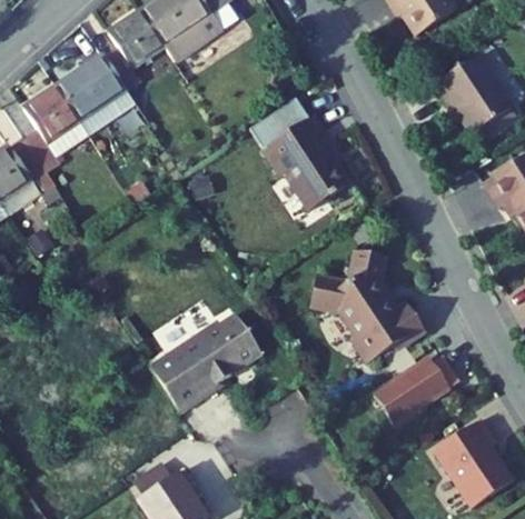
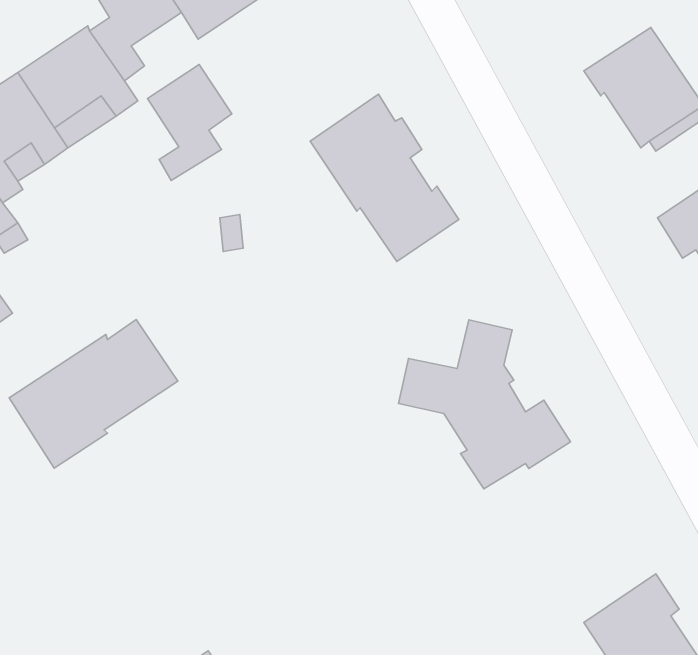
building: none -> [147,64,232,180]
building: [149,312,261,411] -> [9,319,178,468]
building: [374,357,449,423] -> none

